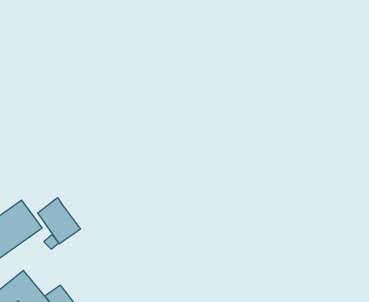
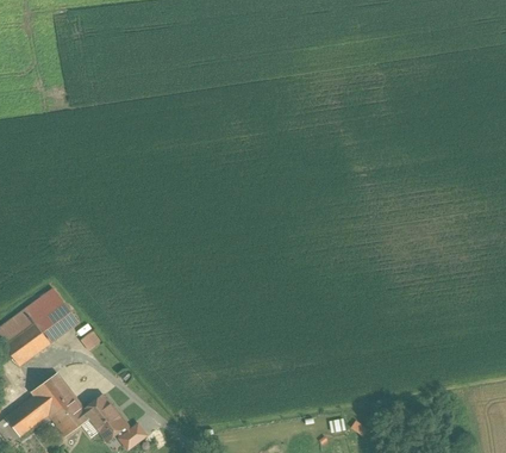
building: [38,198,80,244] -> none

